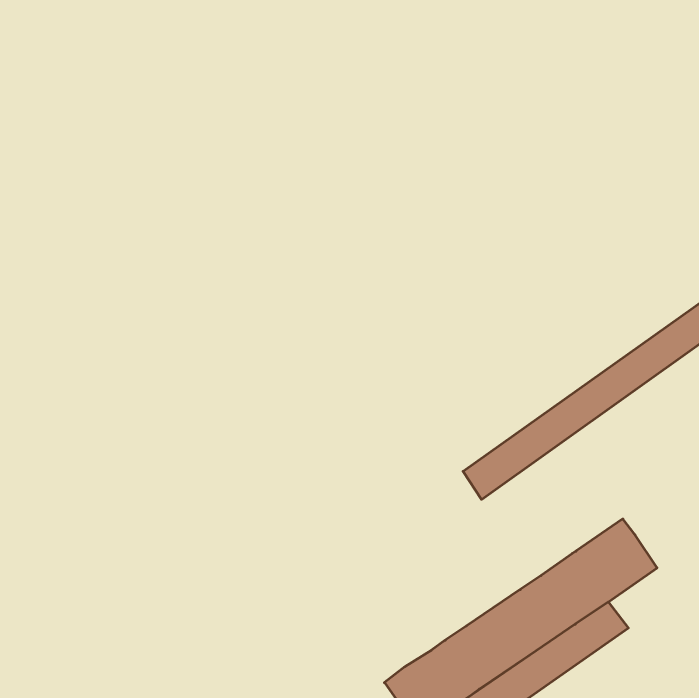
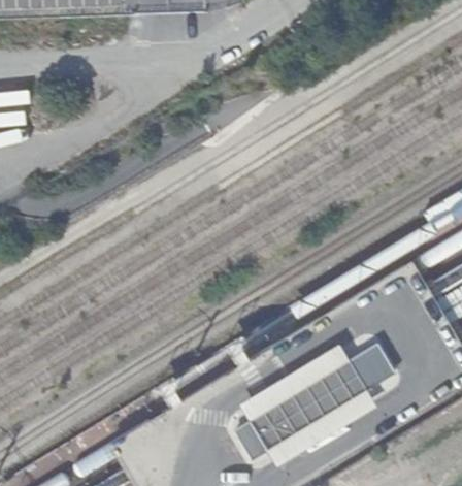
building: none -> [238,343,350,420]

